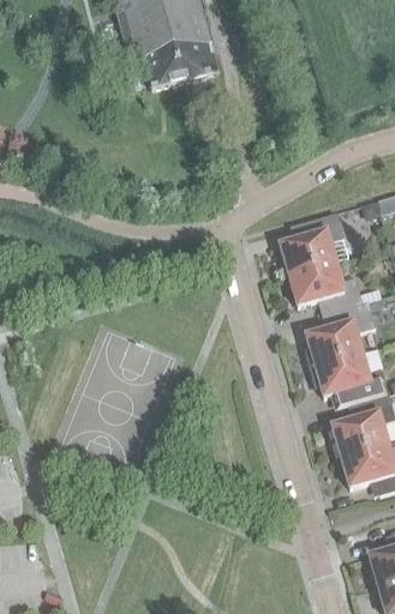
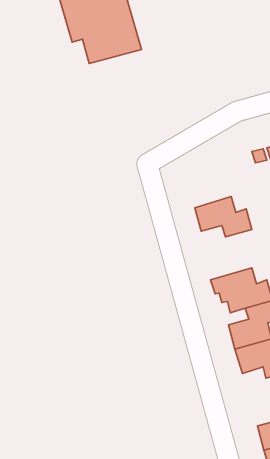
building: [279,210,343,273] -> none
building: [304,299,375,366] -> none

